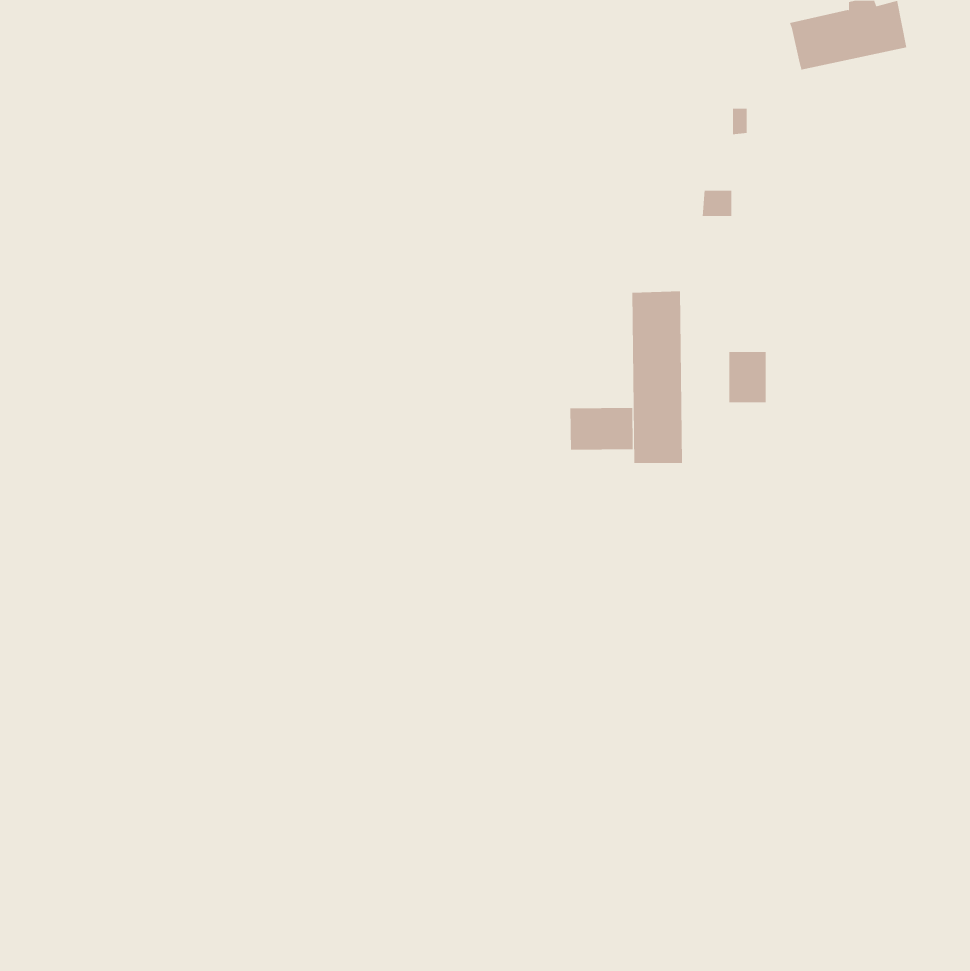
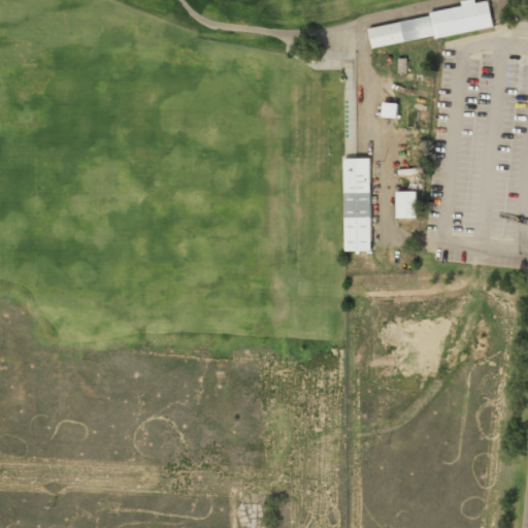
building: none -> [368,15,433,47]
building: [570,407,633,451] -> none

